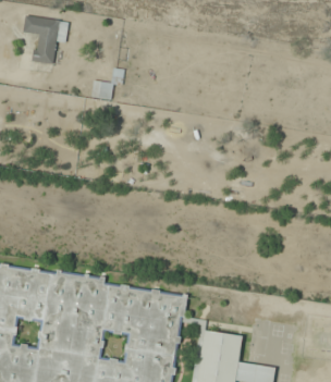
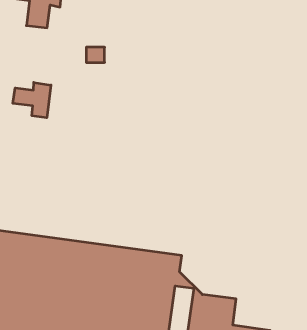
building: none -> [13,82,51,118]

